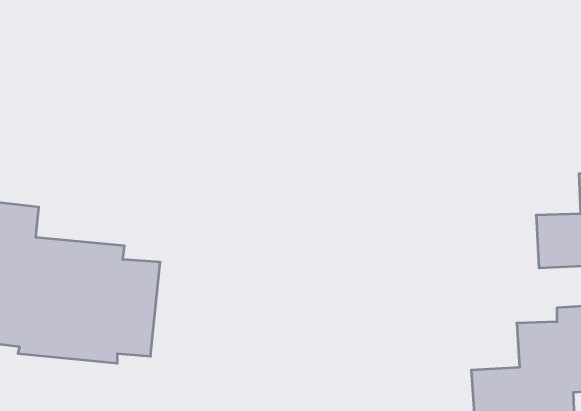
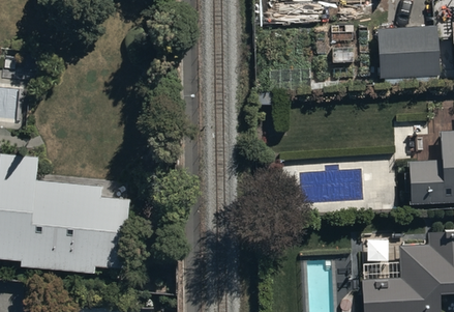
building: none -> [377,25,440,78]

